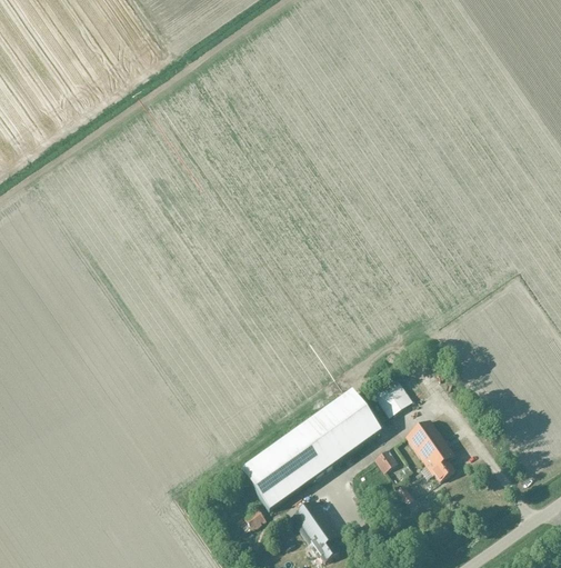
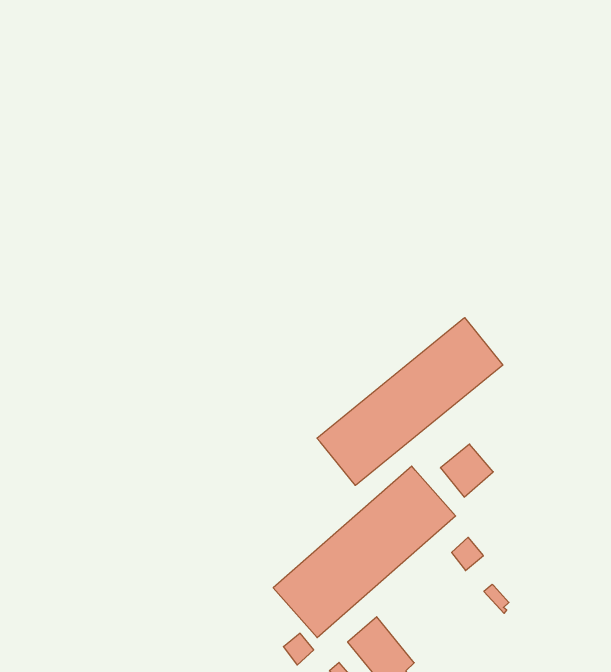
building: none -> [317,318,503,485]
building: [404,418,454,480] -> none

